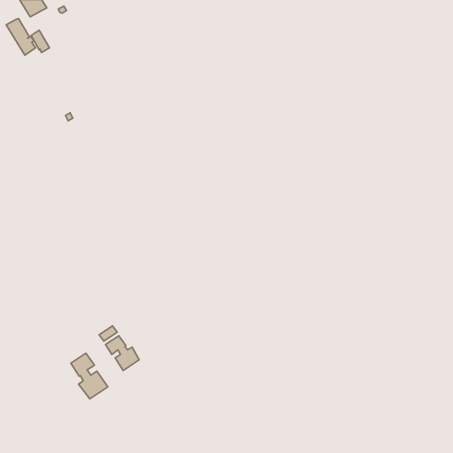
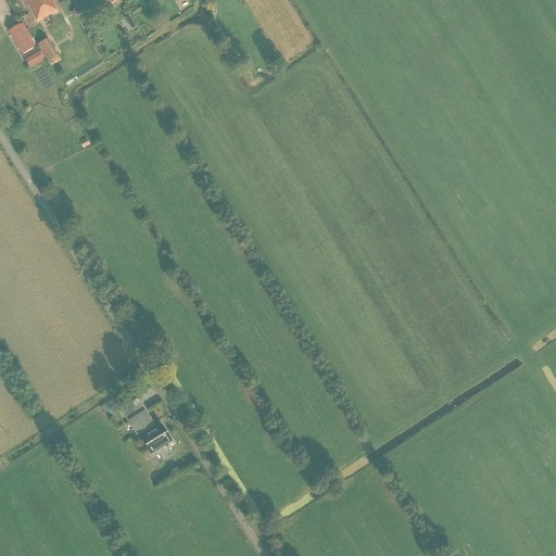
building: [71,353,108,399] -> none

